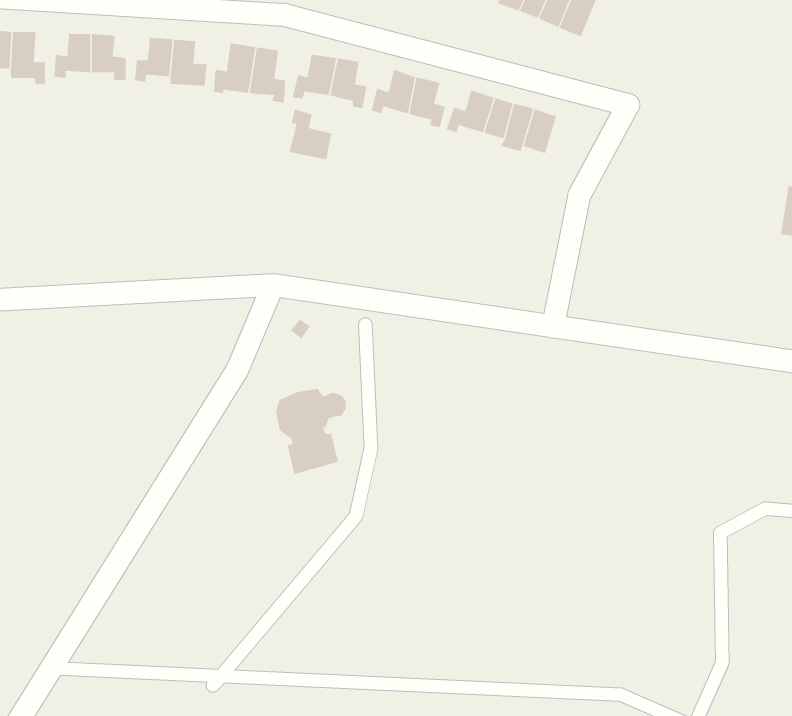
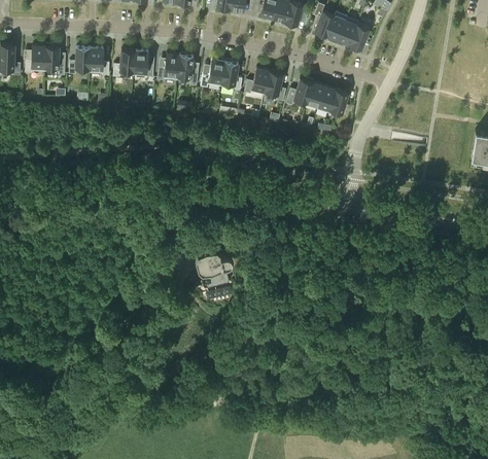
building: [289,108,332,160] -> none

